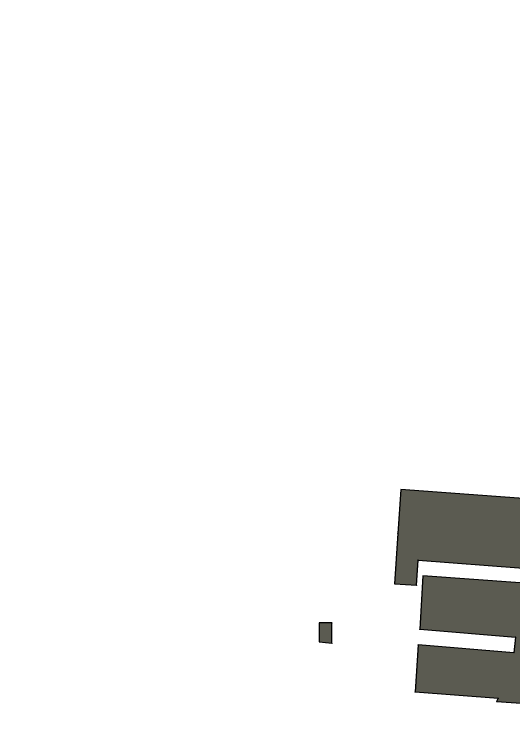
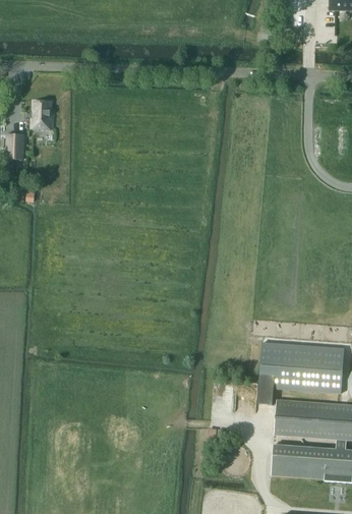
building: none -> [31,101,53,128]
building: none -> [6,133,23,159]

